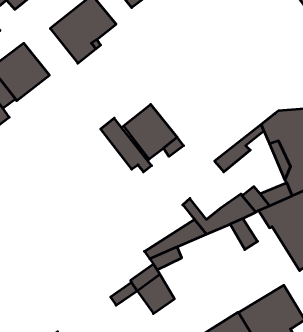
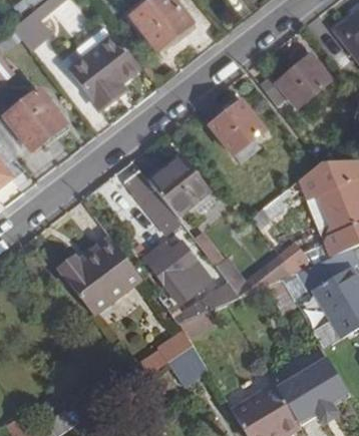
building: none -> [262,51,331,107]
building: none -> [210,101,265,154]
building: none -> [57,237,139,315]
building: none -> [144,242,200,303]

